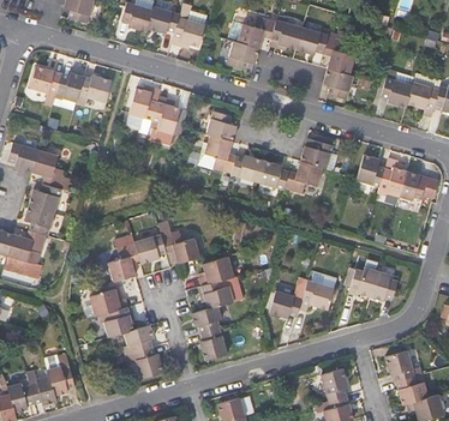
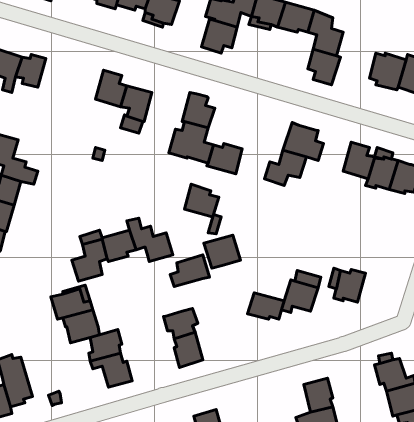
building: [74,77,110,107] -> none
building: [257,160,288,190] -> [185,184,219,217]
building: [369,273,395,303] -> none
building: [200,278,234,308] -> [204,235,241,268]

